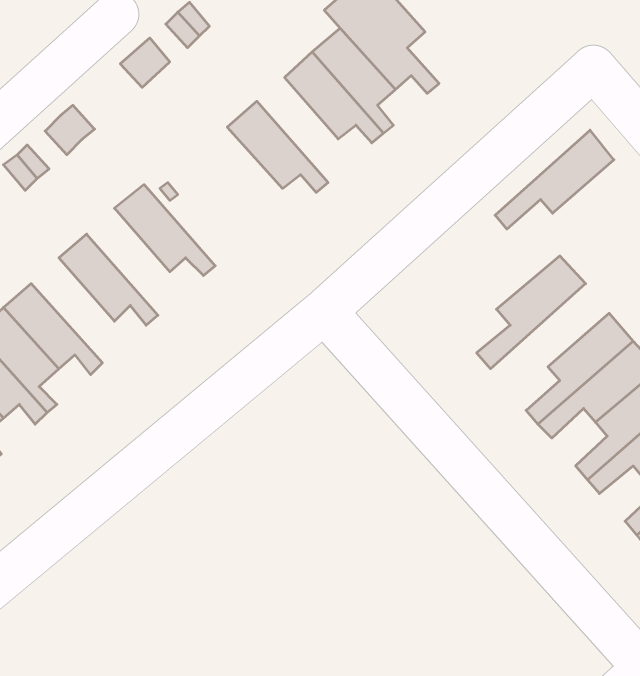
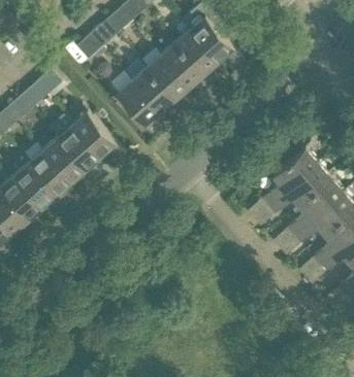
building: none -> [146,55,188,109]
building: none -> [116,80,159,136]
building: [495,130,614,229] -> [267,162,329,213]
building: none -> [57,123,100,178]
building: none -> [28,148,71,203]

